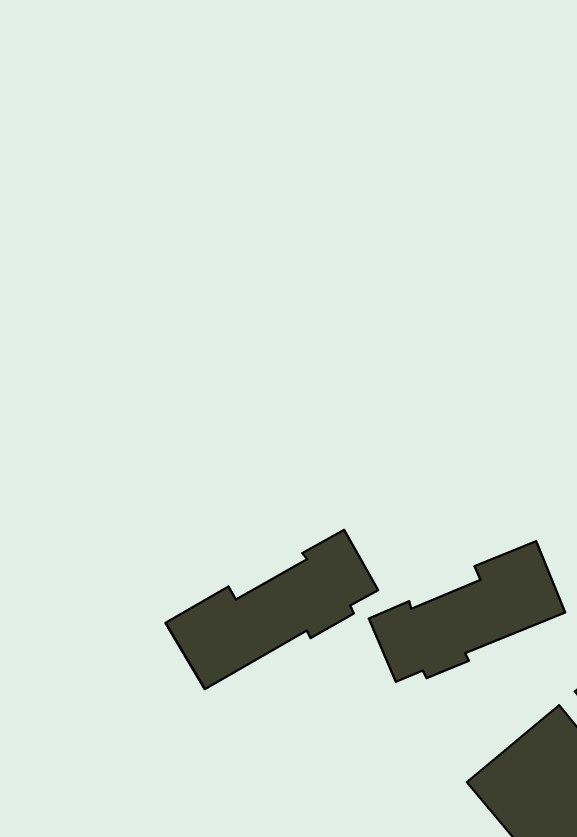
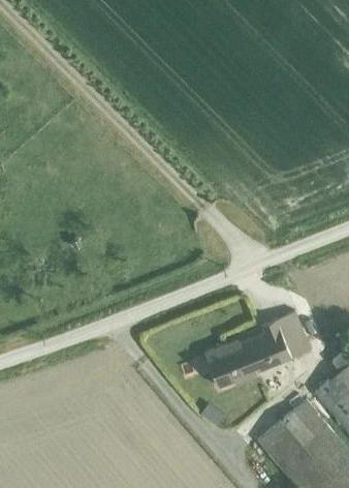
building: [166,530,378,689] -> none

